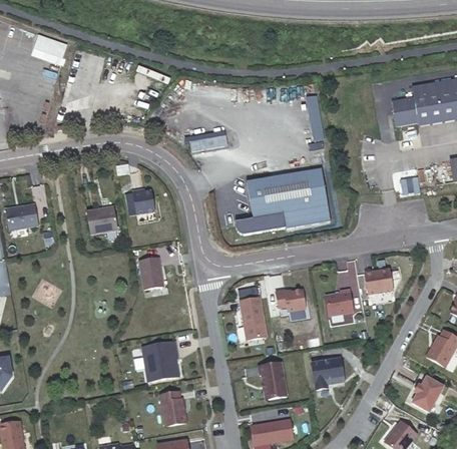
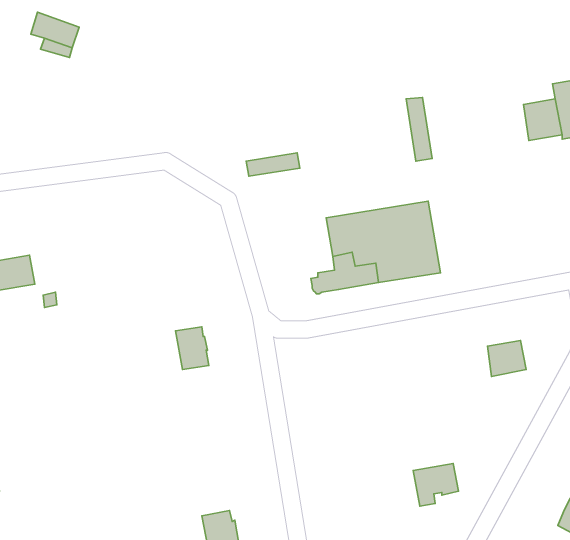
building: [131,190,153,215] -> none
building: [85,207,116,236] -> none
building: [275,289,305,311] -> none
building: [326,289,353,315] -> none
building: [240,298,267,340] -> none
building: [139,342,177,383] -> none
building: [258,362,286,399] -> none

